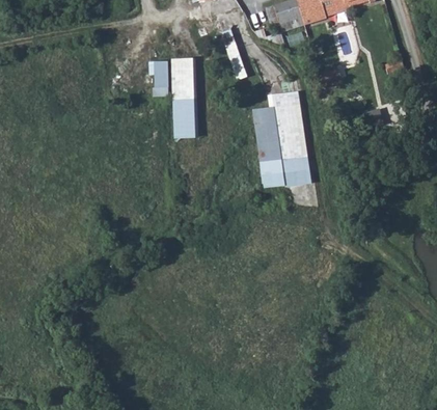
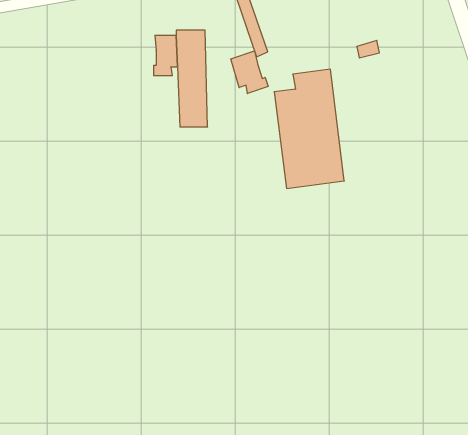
building: none -> [231,51,268,94]

